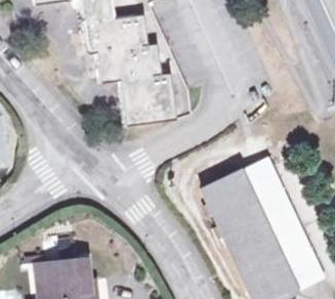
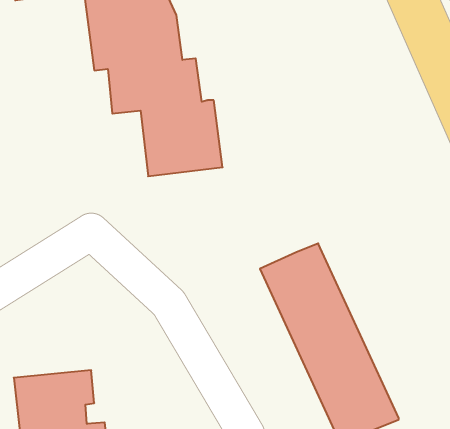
building: [242,157,326,290] -> none

